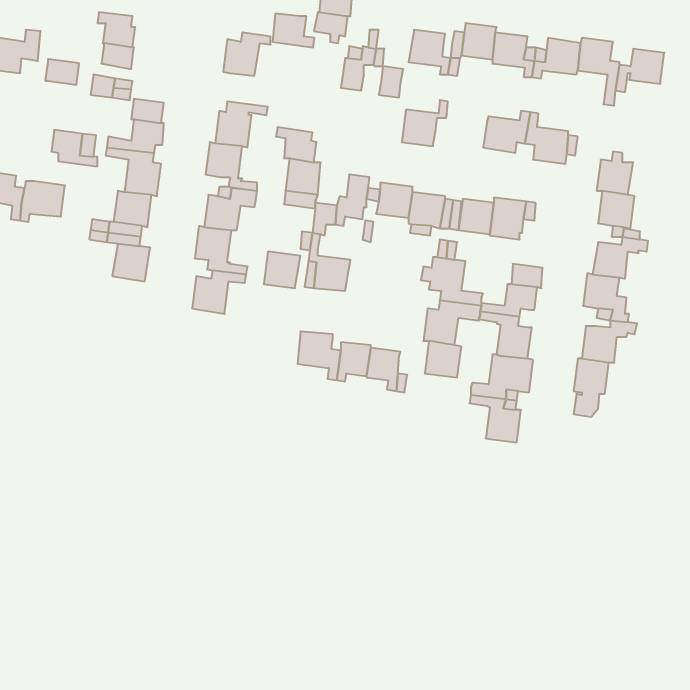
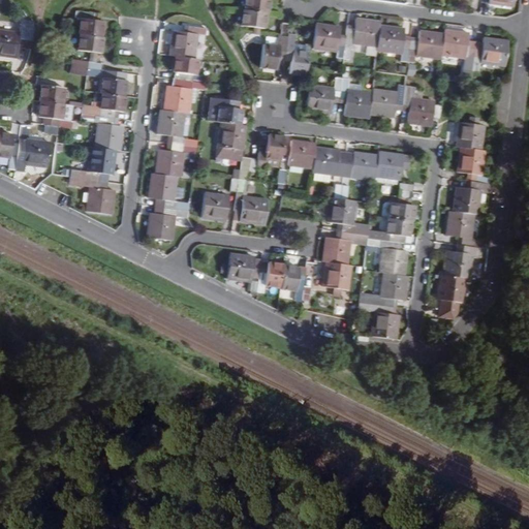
building: [273,14,315,47] -> [174,56,206,82]
building: [45,59,79,85] -> [39,83,65,102]
building: none -> [341,77,372,117]

